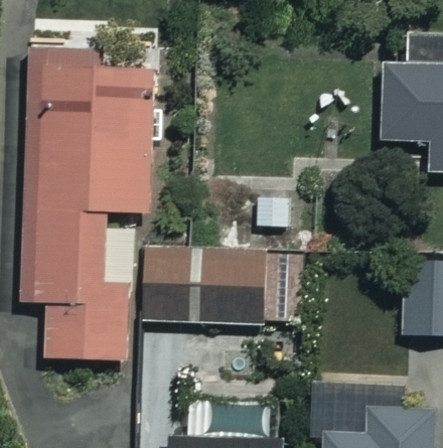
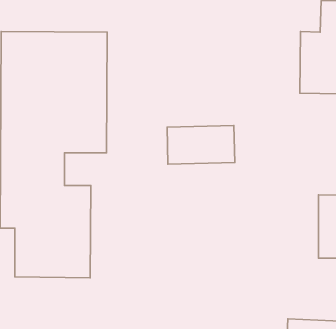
building: [145,246,304,323] -> none

